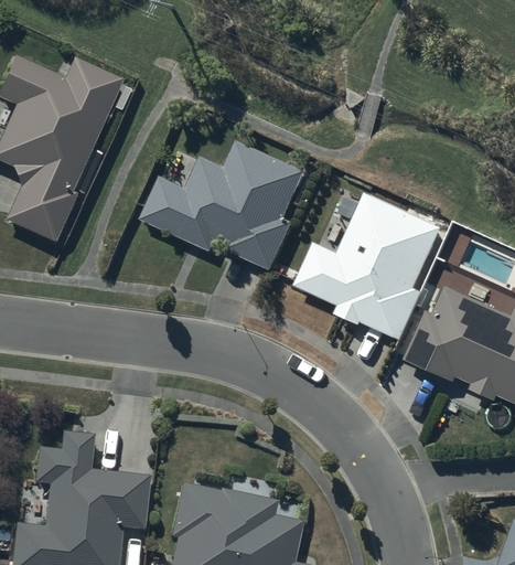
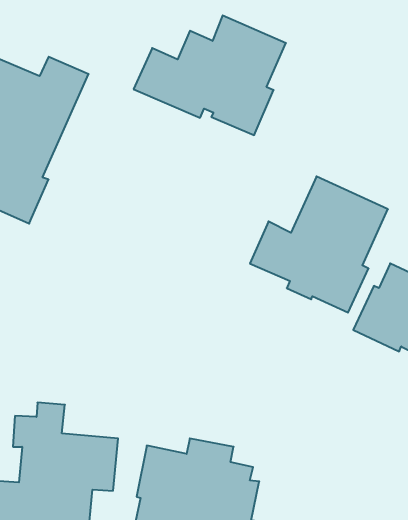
building: [140,140,304,269] -> [134,15,286,135]

